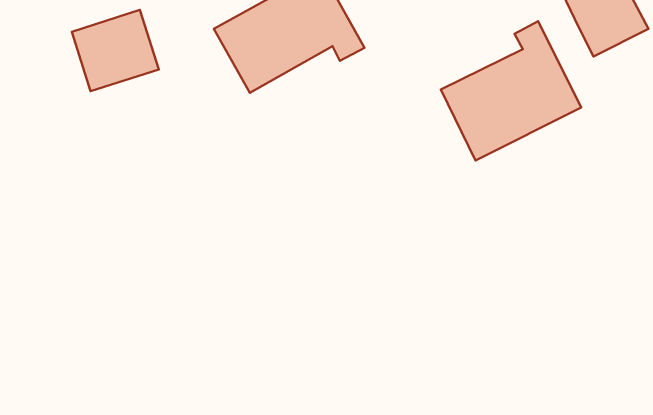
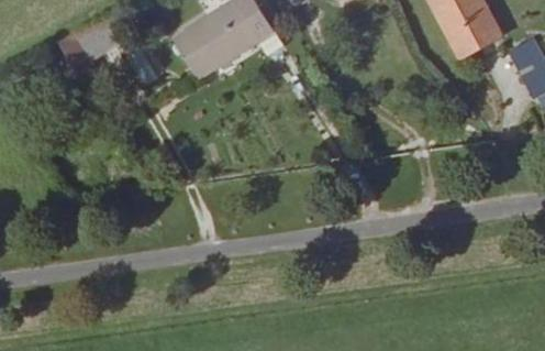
building: [441,21,581,160] -> none

